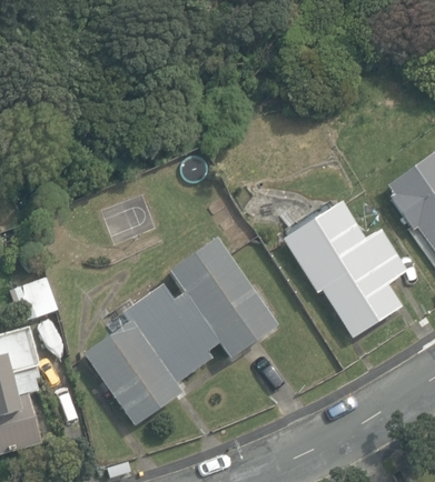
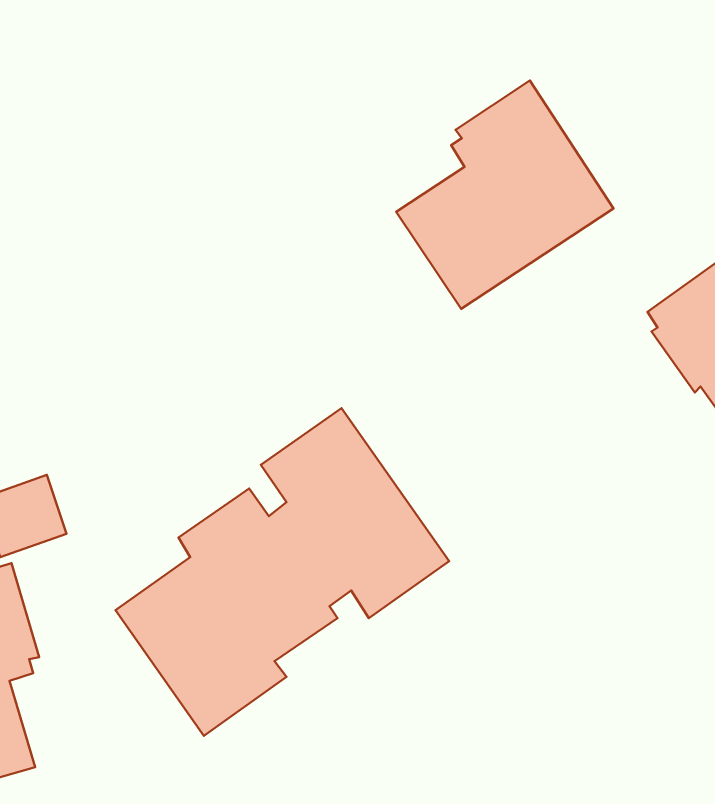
building: none -> [396,81,613,309]
building: [283,202,407,338] -> none

